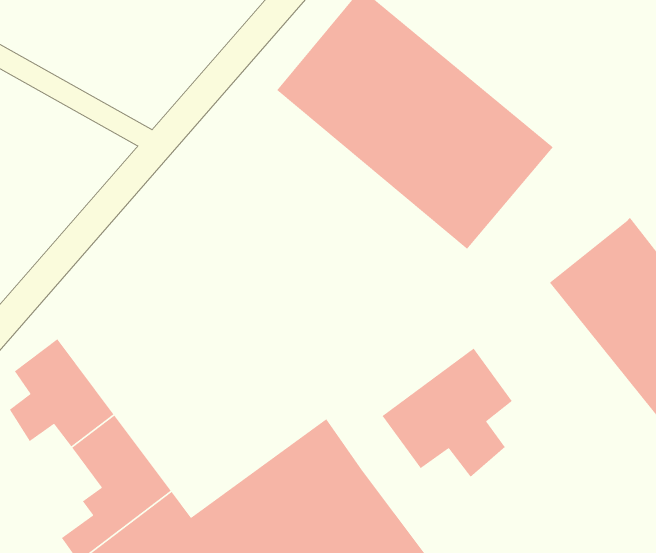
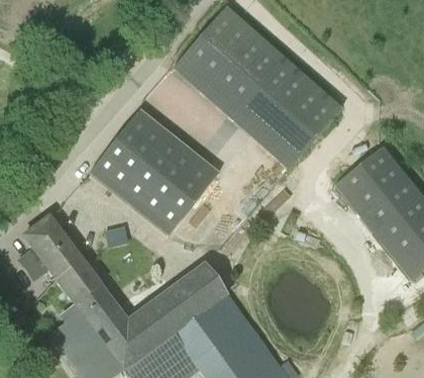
building: none -> [90,106,218,230]
building: [381,347,513,478] -> none

